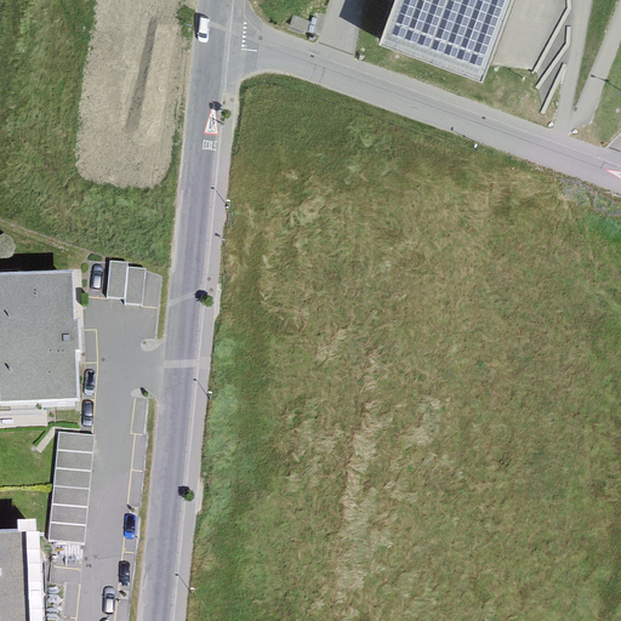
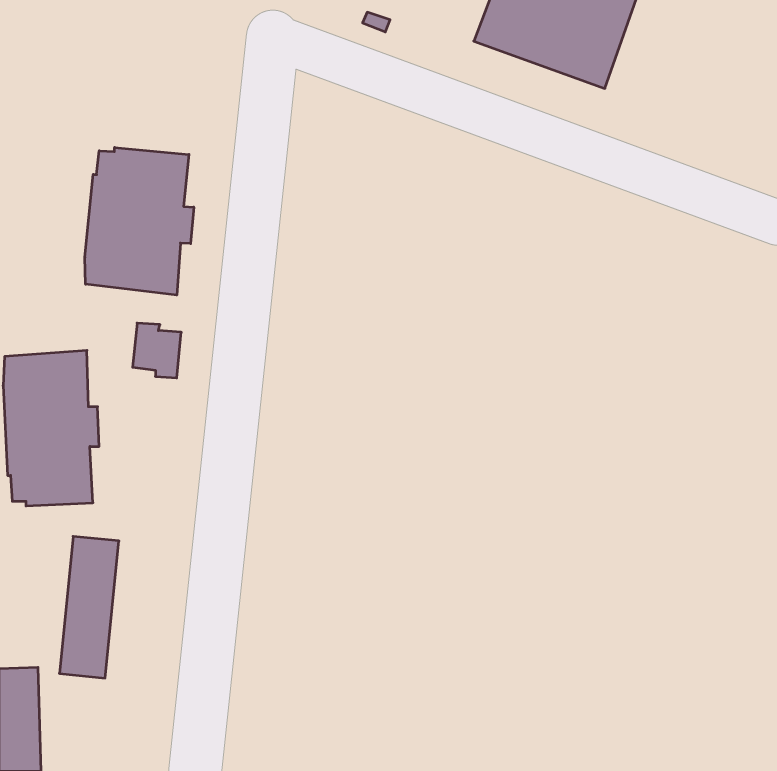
building: none -> [85,147,194,295]

